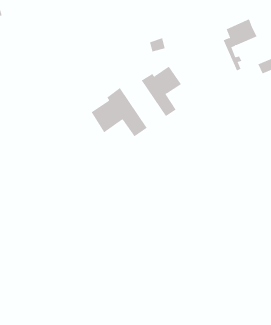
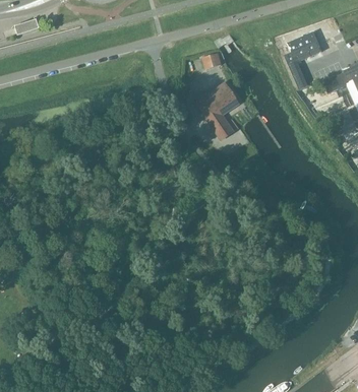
building: [91,87,148,137] -> none

